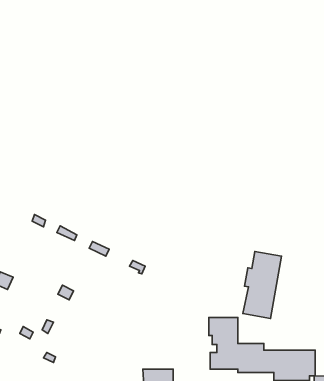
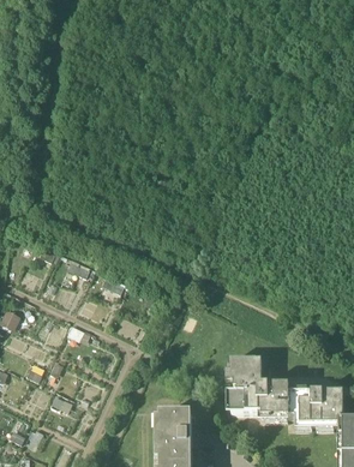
building: [243,252,281,318] -> none

